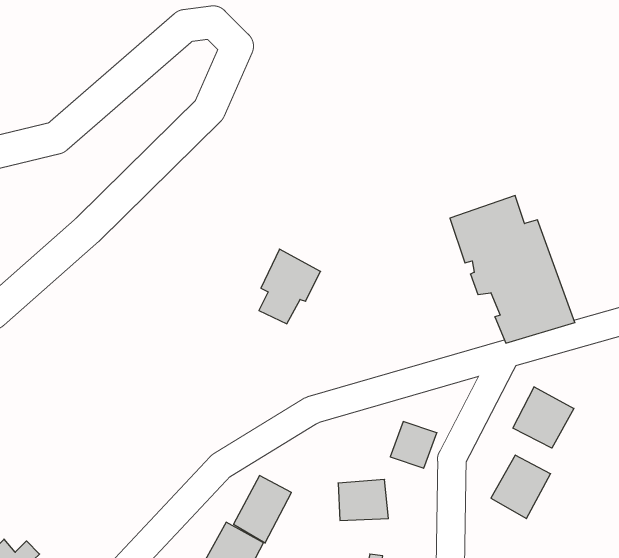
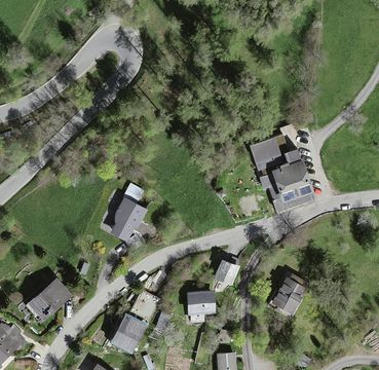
building: [259,249,321,324] -> [113,198,147,239]
building: [513,387,574,448] -> none
building: none -> [29,279,72,321]

